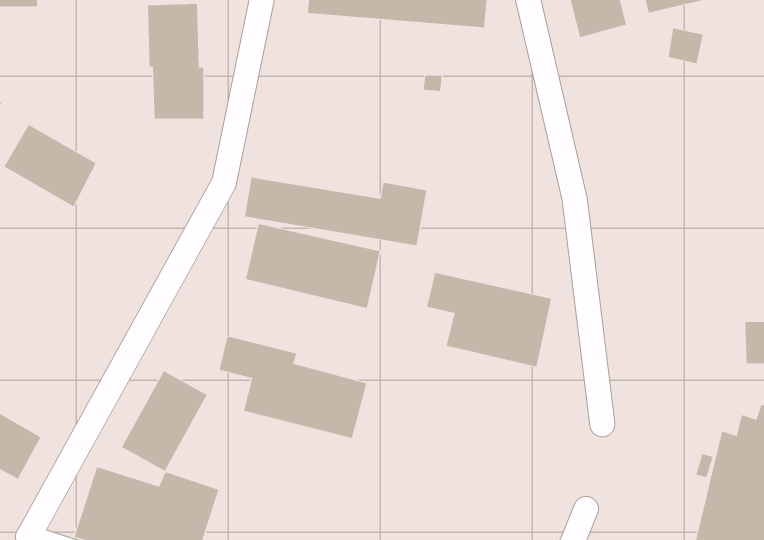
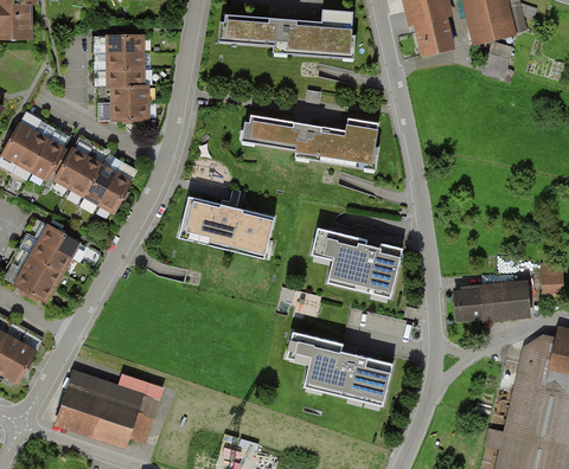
building: none -> [57,147,130,210]
building: [244,177,427,246] -> [249,113,382,162]
building: [219,336,367,438] -> [284,332,392,406]
building: none -> [452,283,526,319]
building: [121,370,208,471] -> [12,226,75,300]

